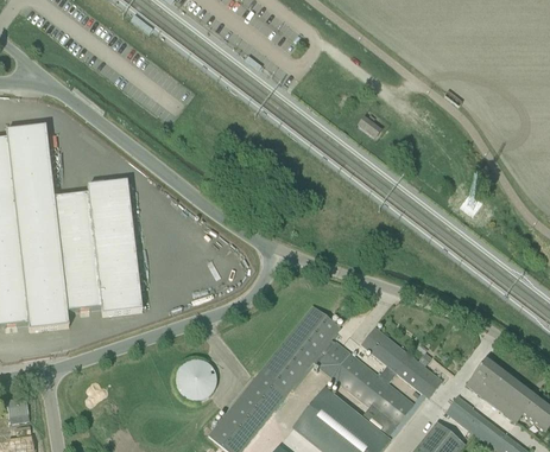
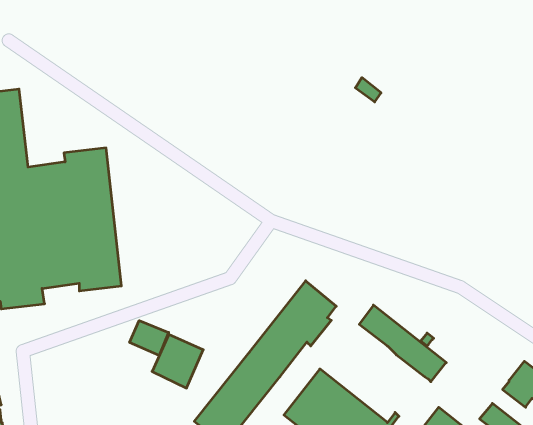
building: [316,340,425,429] -> none
building: none -> [130,321,169,356]
building: [466,357,514,405] -> none
building: [445,395,485,432] -> none

